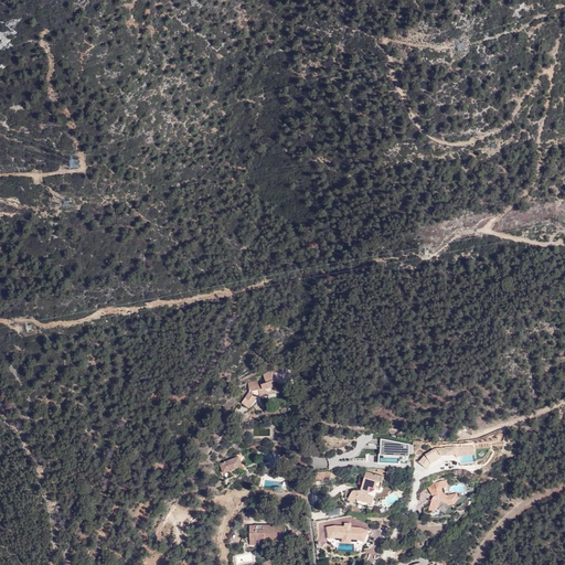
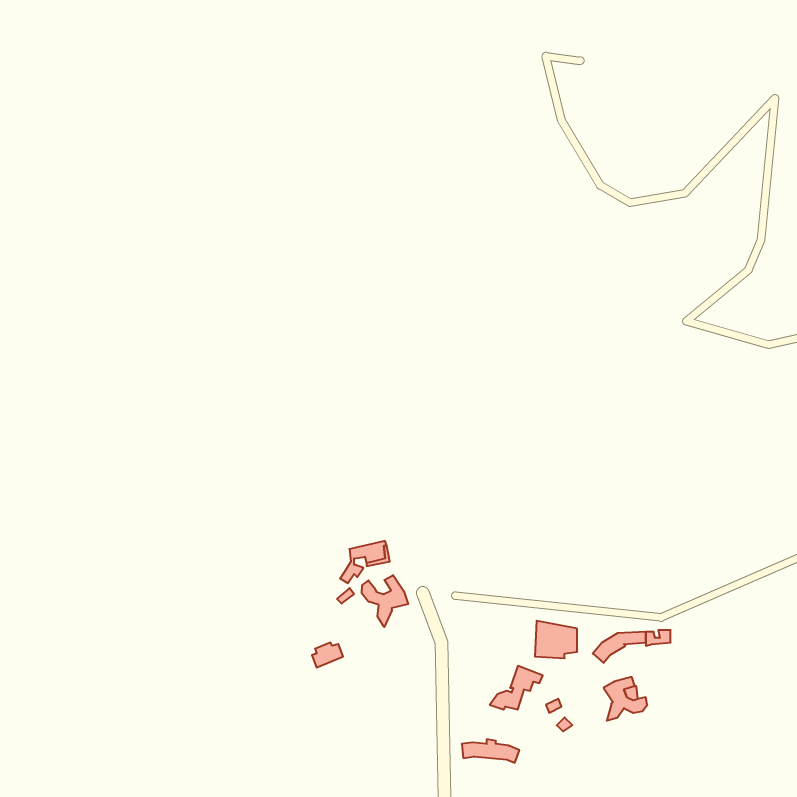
building: none -> [362,575,408,627]
building: [249,524,284,541] -> none

